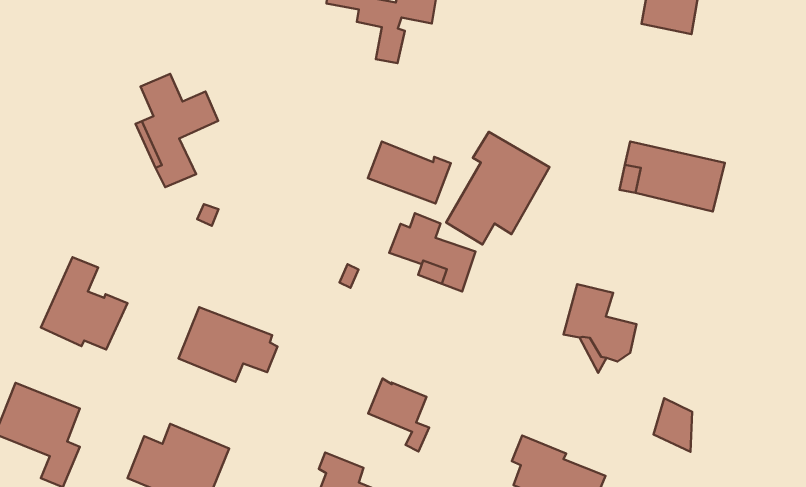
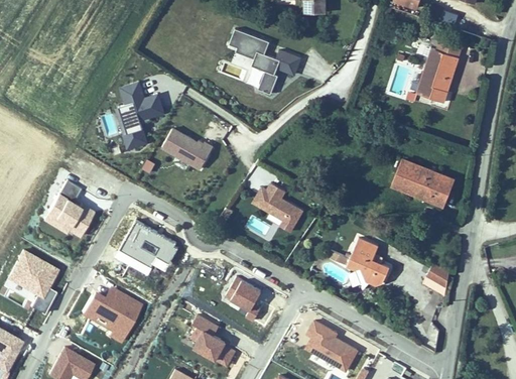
building: [446,132,550,244] -> none
building: [368,142,451,203] -> [163,130,213,170]
building: [654,398,692,452] -> [424,263,448,296]

